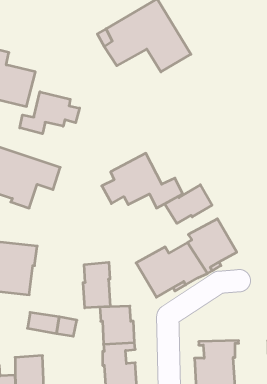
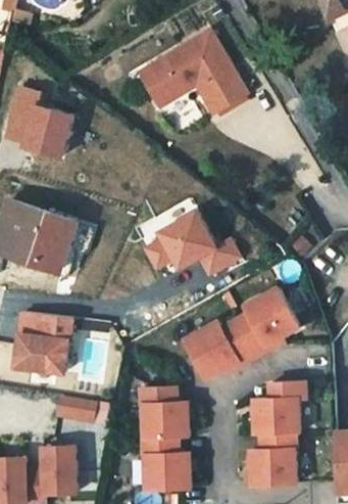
building: [20,92,80,134] -> none
building: [165,185,212,223] -> none
building: [83,262,110,308] -> none
building: none -> [255,382,308,429]

